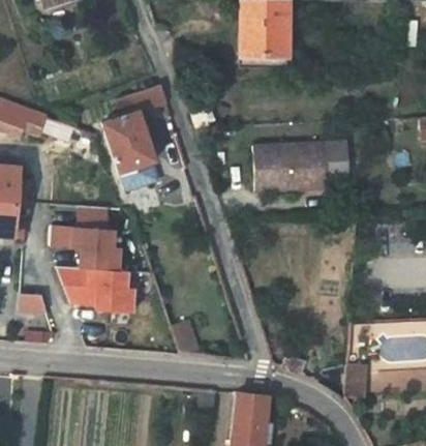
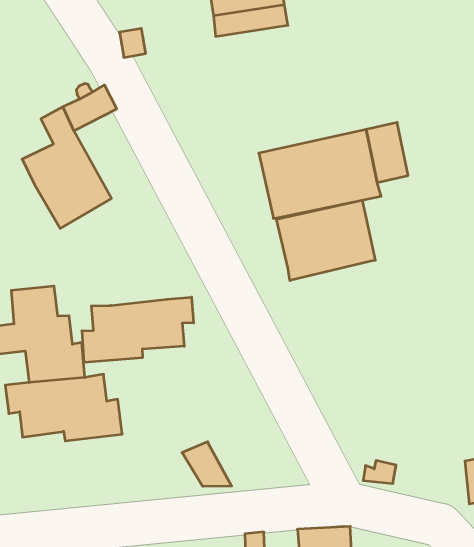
building: none -> [276,200,375,281]
building: none -> [82,297,194,362]

